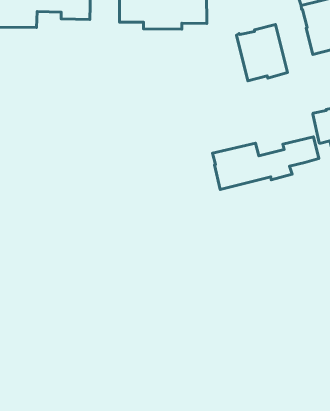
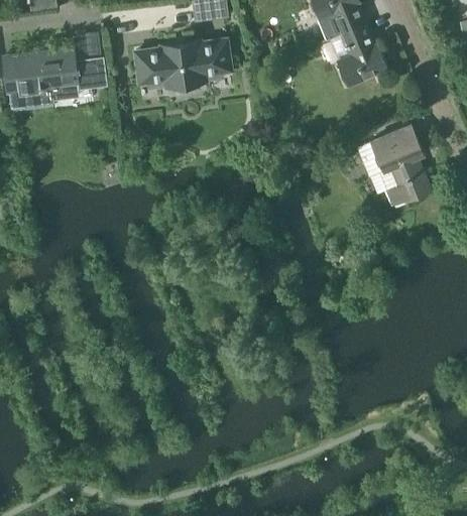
building: [236,25,288,81] -> none
building: [213,137,319,190] -> none

